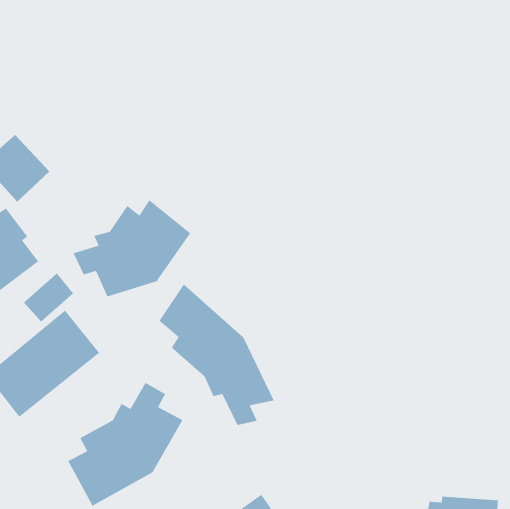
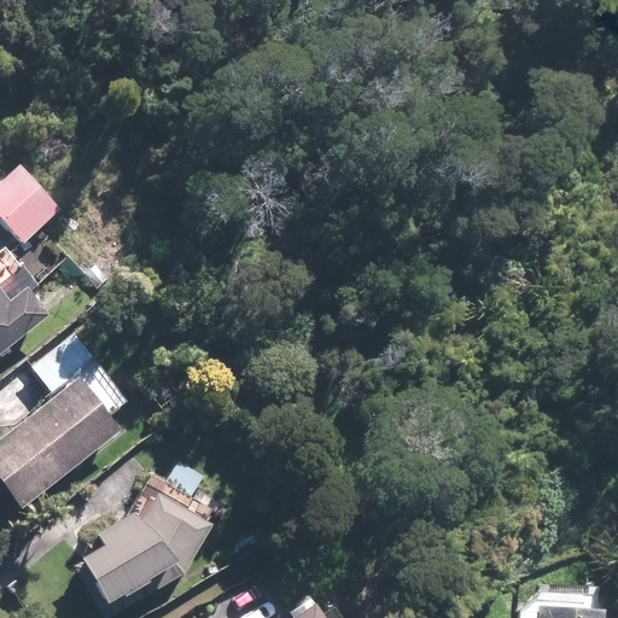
building: [73,199,191,297] -> none
building: [159,283,275,426] -> none

